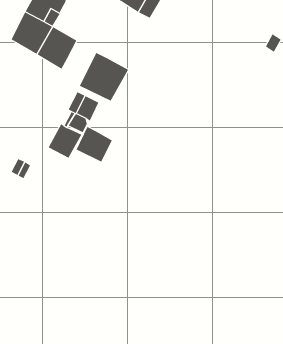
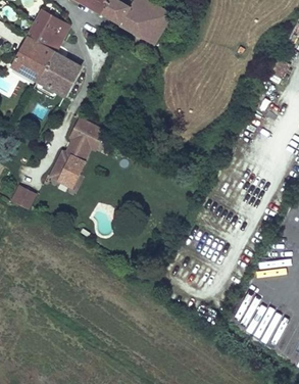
building: [79,52,129,102] -> none
building: [76,126,112,163] -> none

